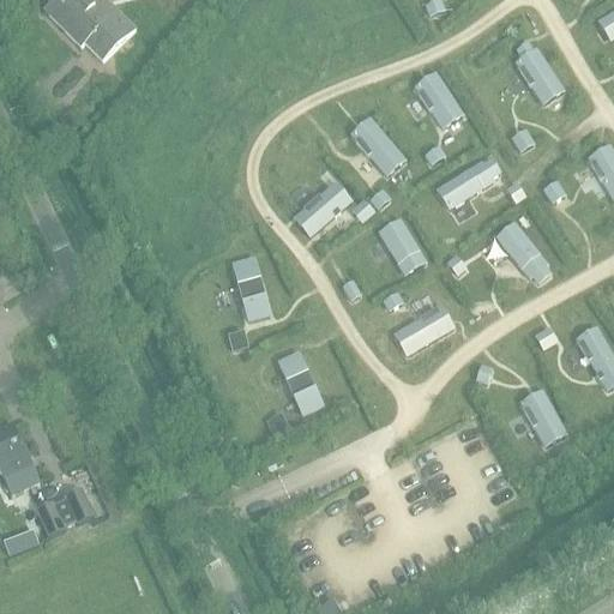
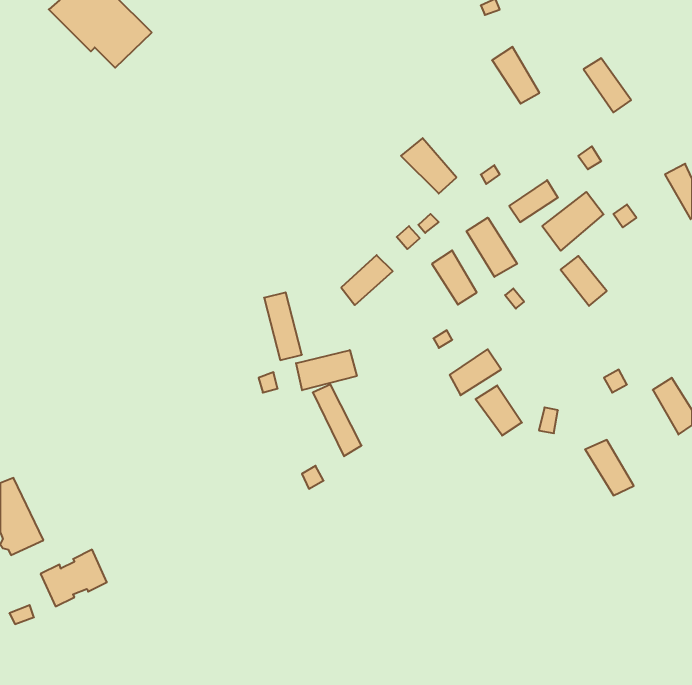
building: [416,73,458,124] -> [492,47,539,104]
building: none -> [542,192,604,251]
building: [299,186,344,230] -> [341,255,393,305]
building: none -> [467,218,517,277]
building: none -> [296,350,357,390]
building: none -> [476,385,522,436]

